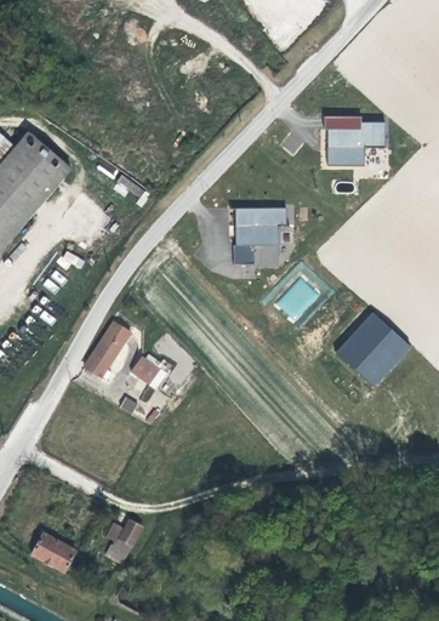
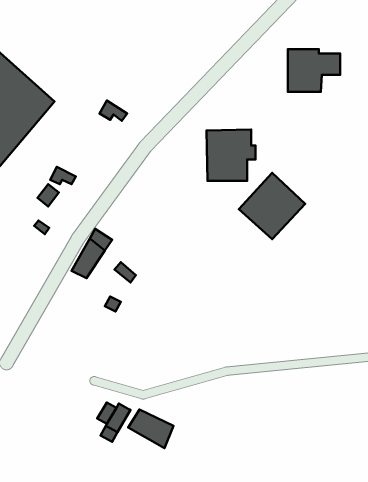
building: [337,312,412,387] -> [239,173,305,239]
building: none -> [128,409,174,448]
building: [38,531,80,569] -> none

